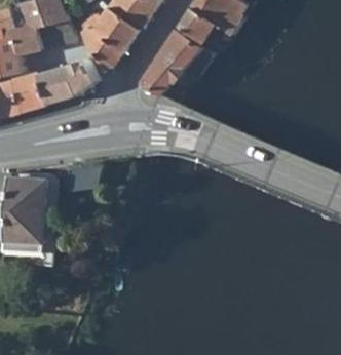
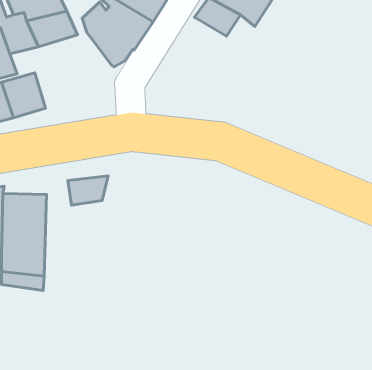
building: [138,33,199,95] -> none
building: [37,62,94,106] -> none

